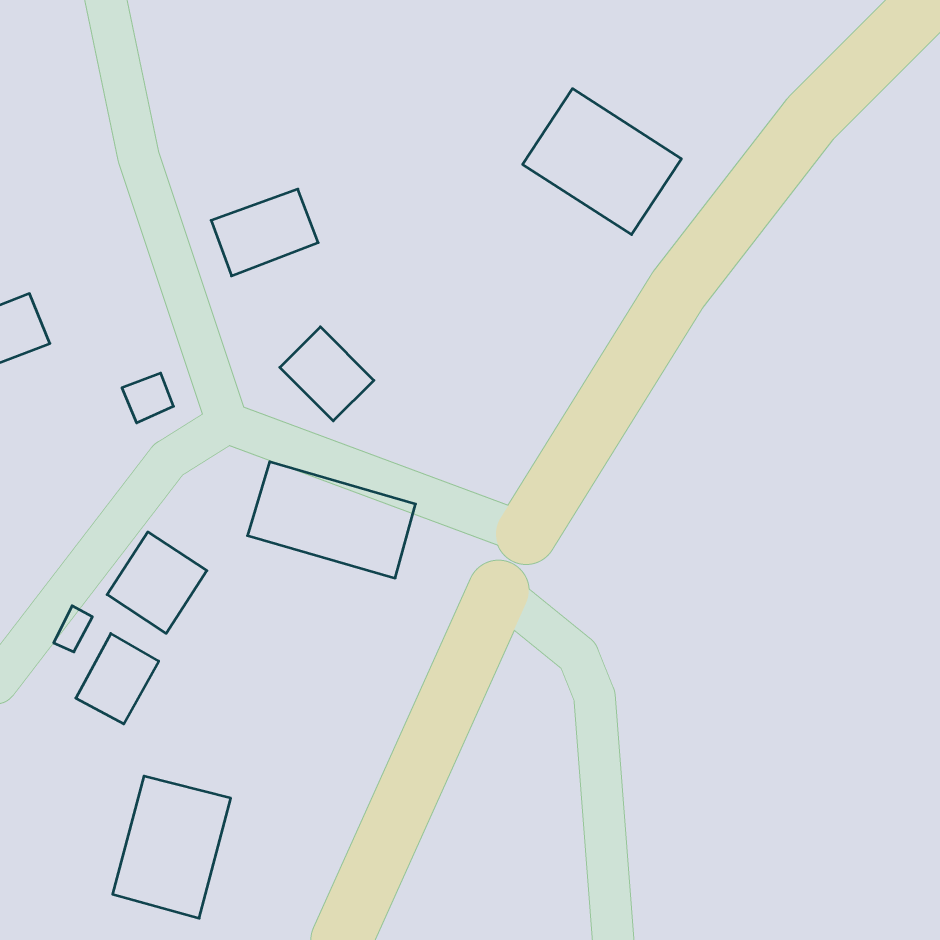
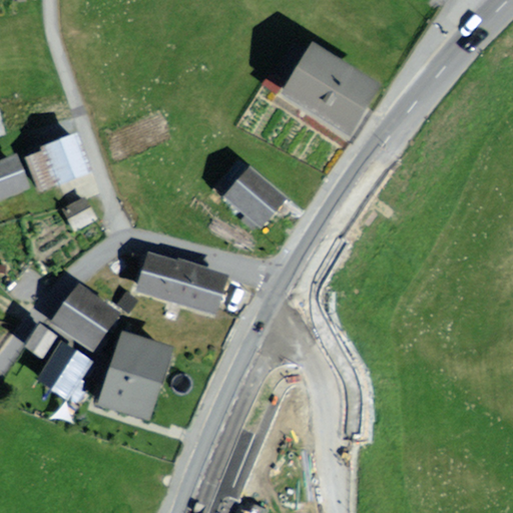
building: [211,189,318,276] -> [28,136,86,183]
building: [280,327,374,421] -> [229,170,281,221]
building: [113,776,231,918] -> [106,337,170,414]

